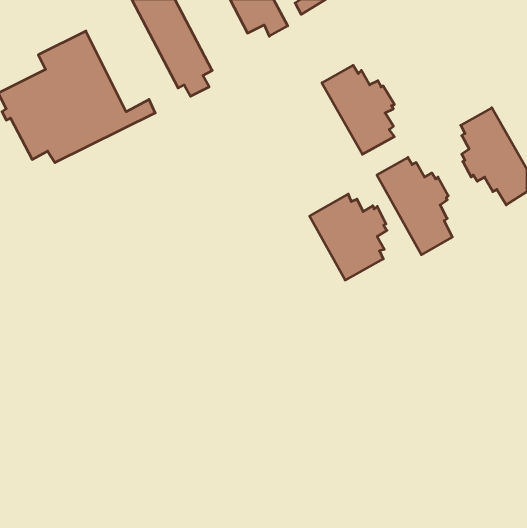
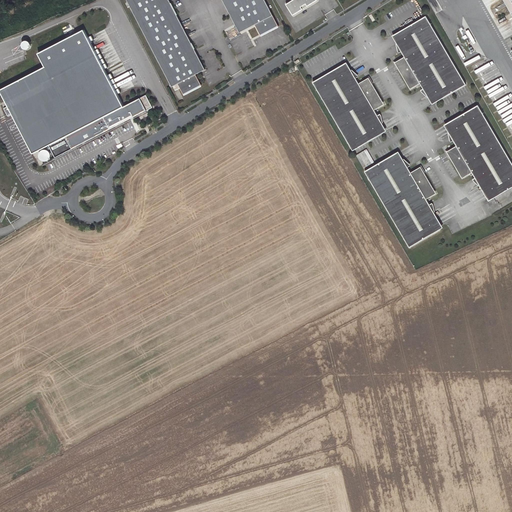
building: none -> [393,16,463,103]
building: [310,194,387,280] -> none

